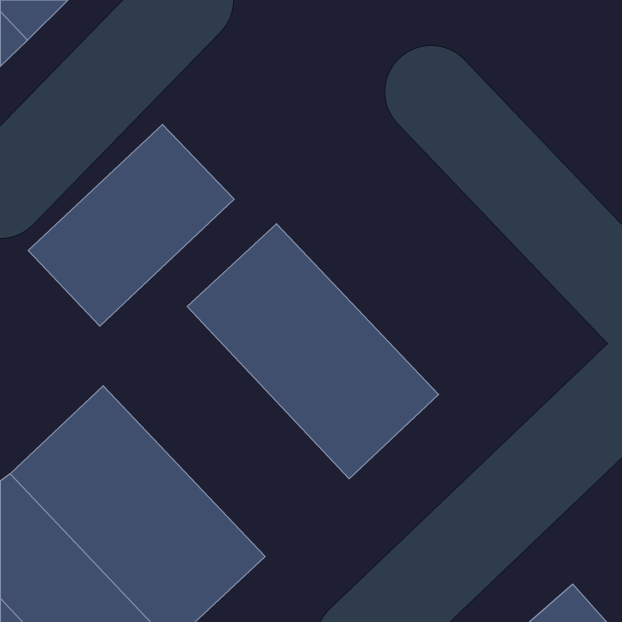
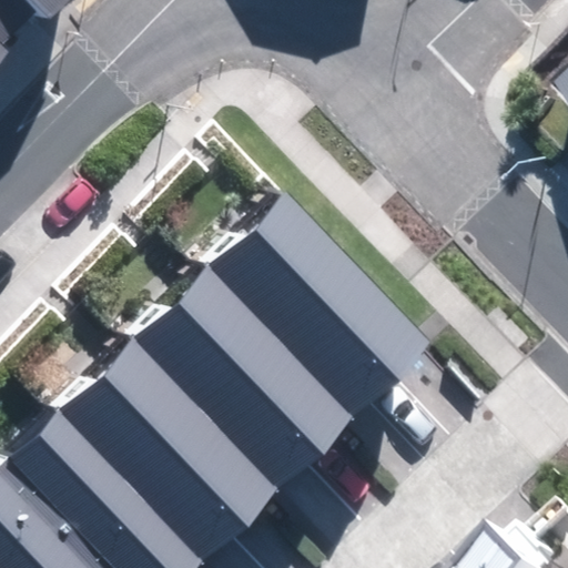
building: [28,124,234,326] -> none
building: none -> [109,288,326,509]

